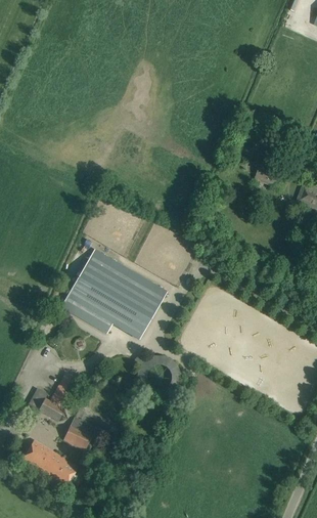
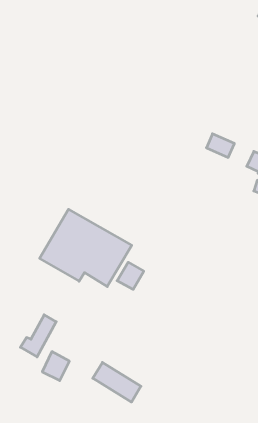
building: none -> [117,262,144,289]
building: [20,439,77,485] -> [93,362,141,402]

